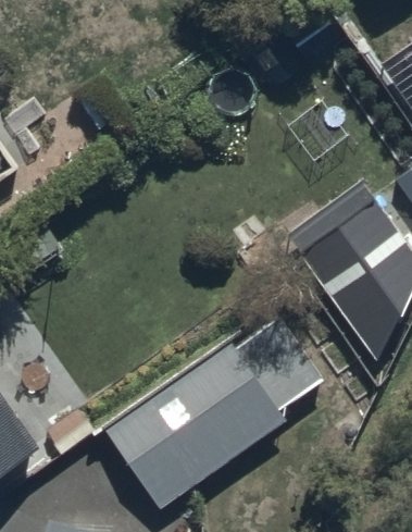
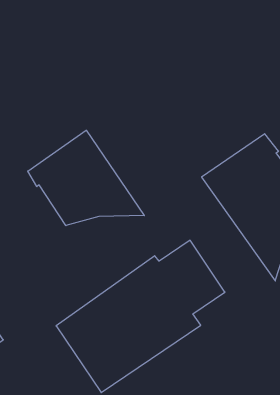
building: none -> [28,130,144,226]

